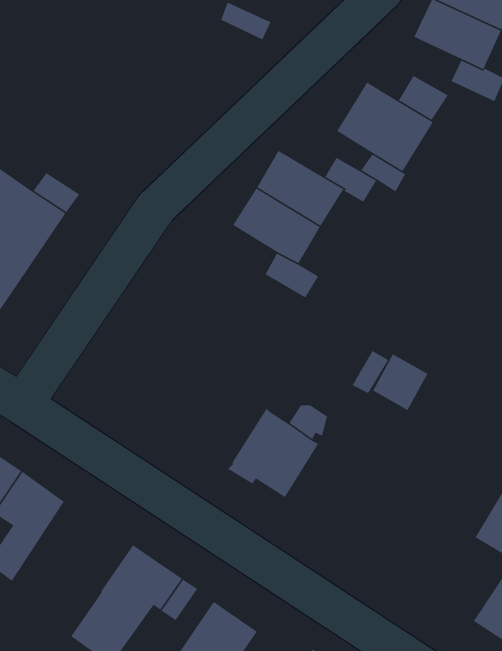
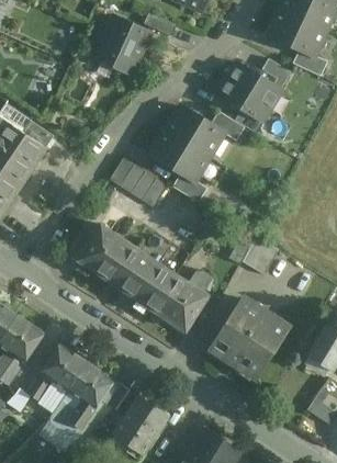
building: none -> [96,18,149,74]
building: none -> [109,158,167,208]
building: none -> [78,225,173,309]
building: none -> [210,298,289,377]
building: none -> [27,343,87,400]

